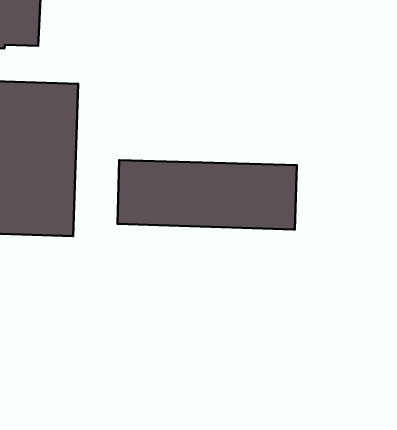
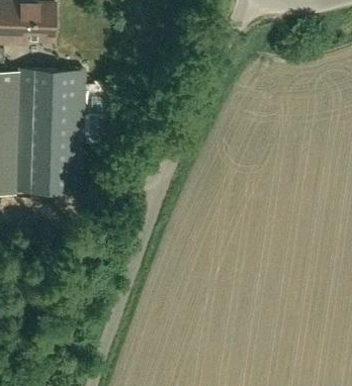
building: [117,160,297,230] -> none

